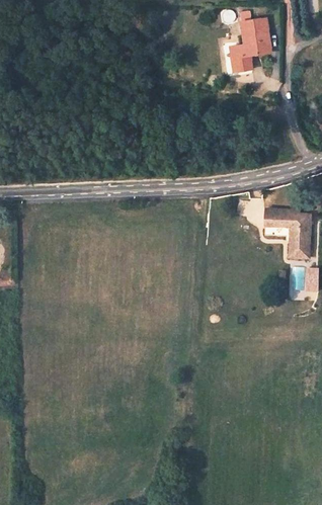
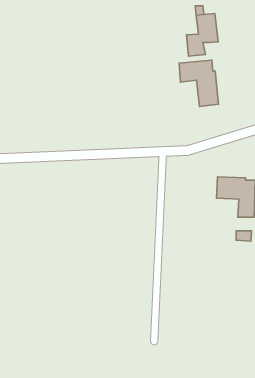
building: none -> [179,60,218,106]

